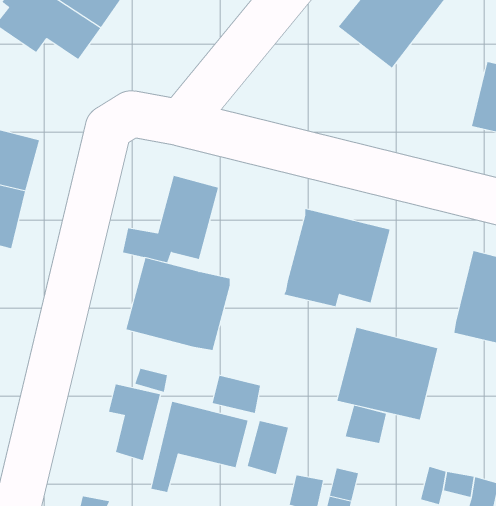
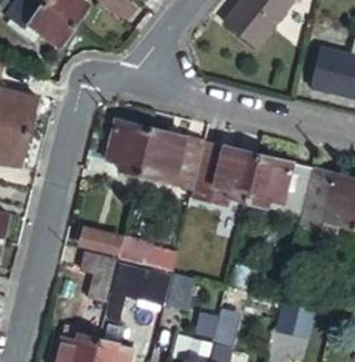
building: [125,258,231,350] -> [138,127,205,186]
building: [336,327,438,420] -> [247,154,312,213]

